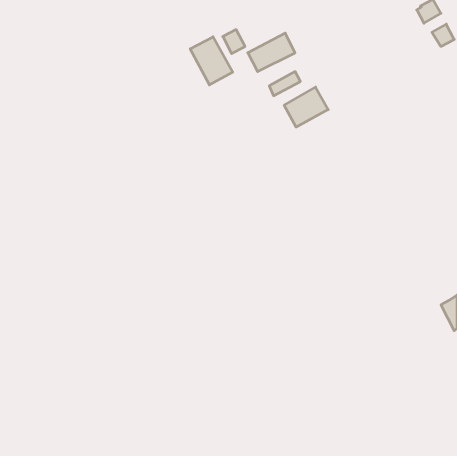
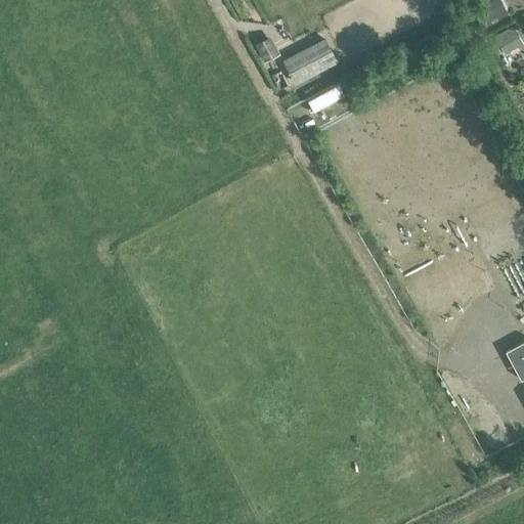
building: [190,37,233,85] -> none
building: [284,87,328,127] -> none

